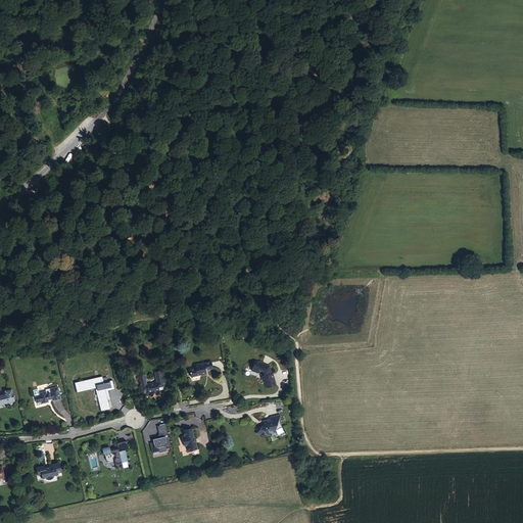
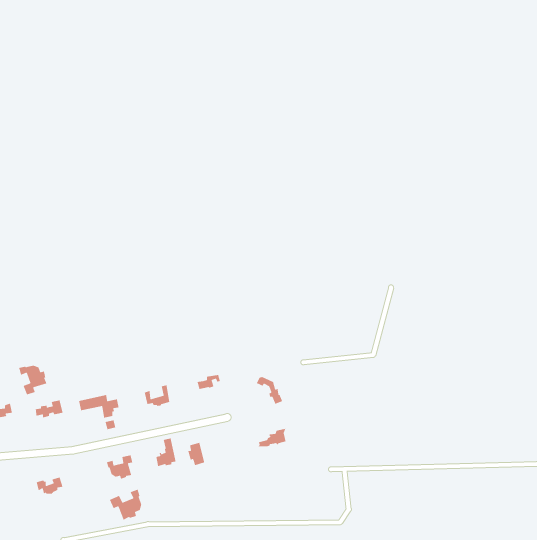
building: none -> [18,365,47,396]
building: none -> [109,489,142,521]

